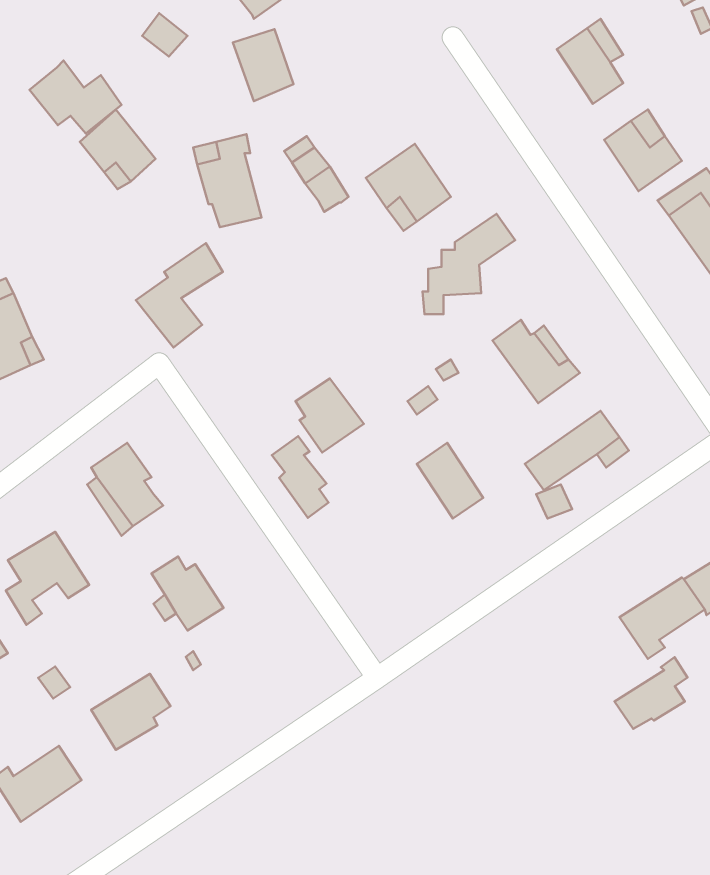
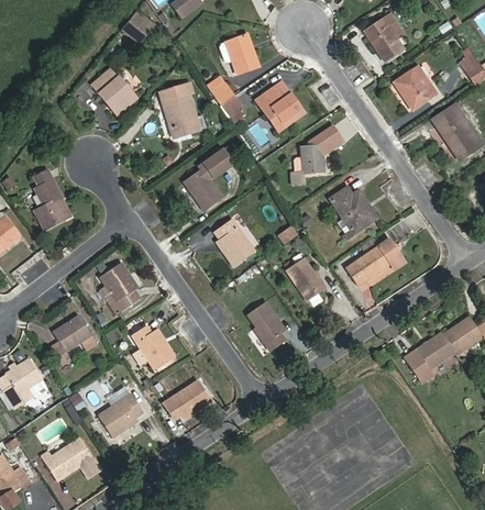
building: [233,29,293,101] -> [227,37,262,79]
building: [29,60,122,134] -> none
building: [136,243,223,347] -> [181,144,232,204]
building: [272,436,329,518] -> [251,299,284,346]
building: none -> [165,380,211,419]
building: [615,657,688,729] -> none

